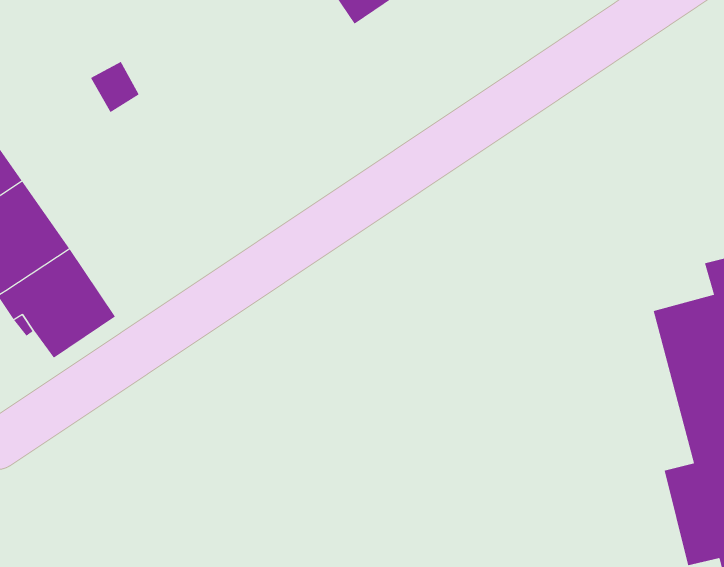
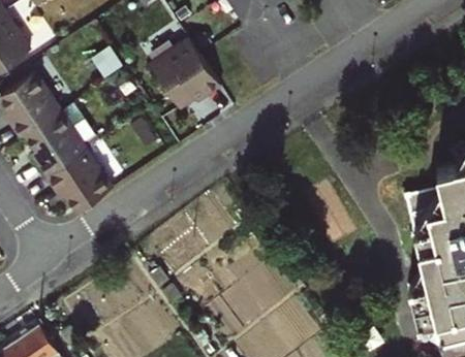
building: none -> [150,38,221,108]

